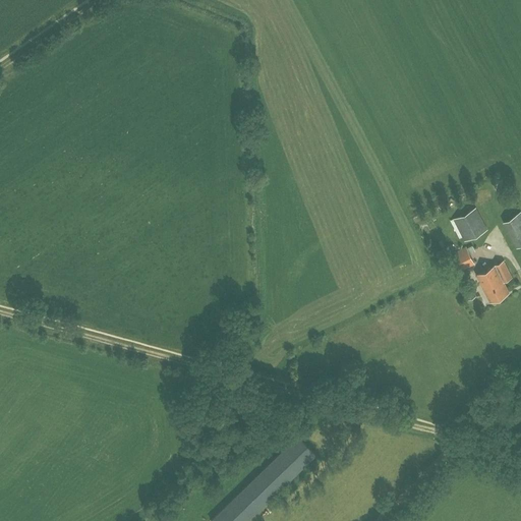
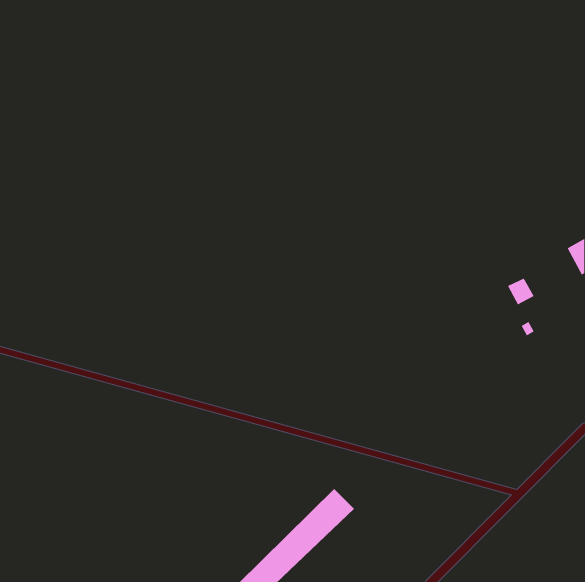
building: [453,210,486,242] -> none
building: [476,263,512,303] -> none

